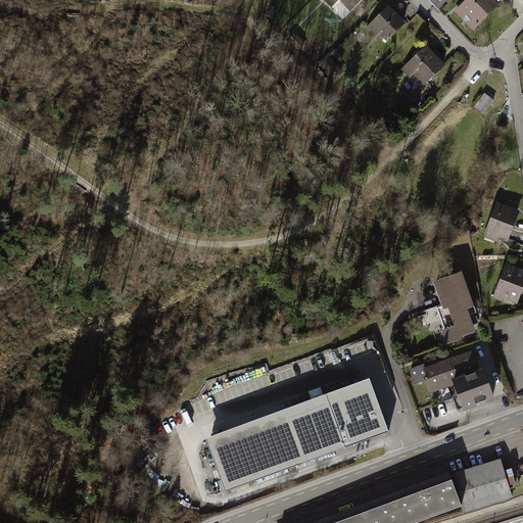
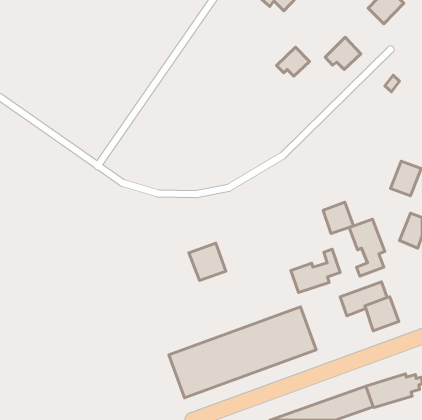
building: [365,6,406,42] -> [276,47,310,76]
building: none -> [323,202,353,234]
building: none -> [189,243,226,280]
building: none -> [291,249,340,293]

